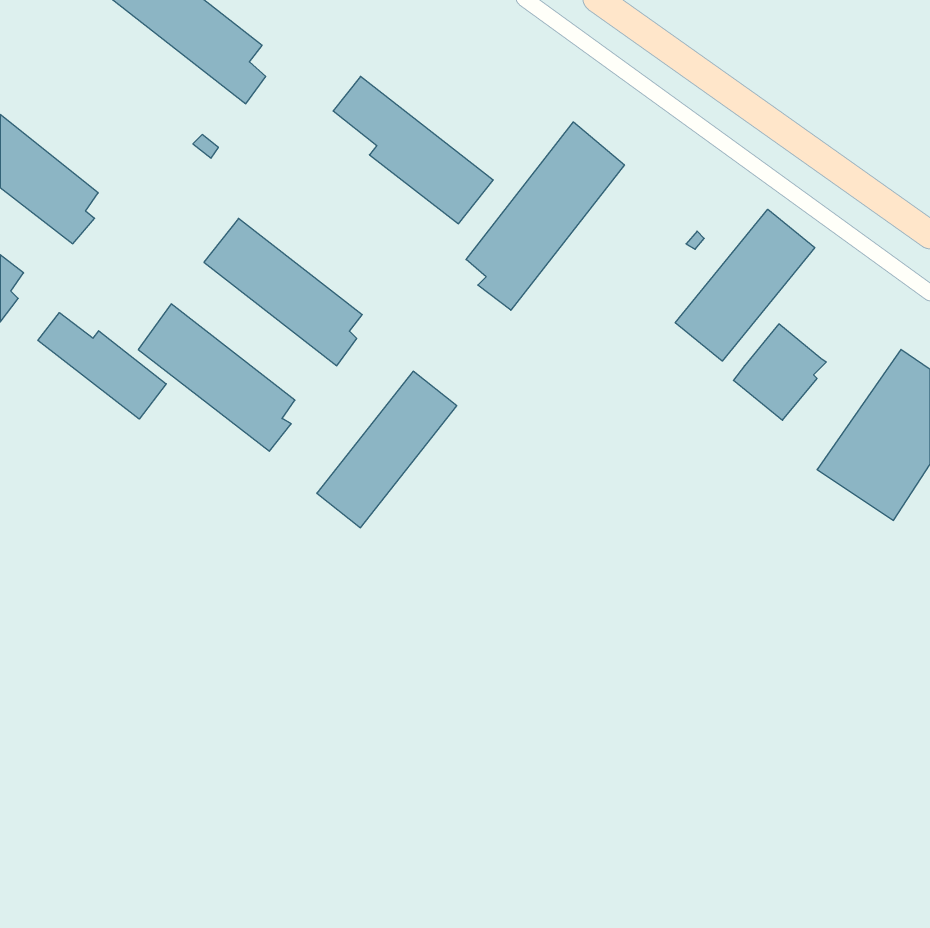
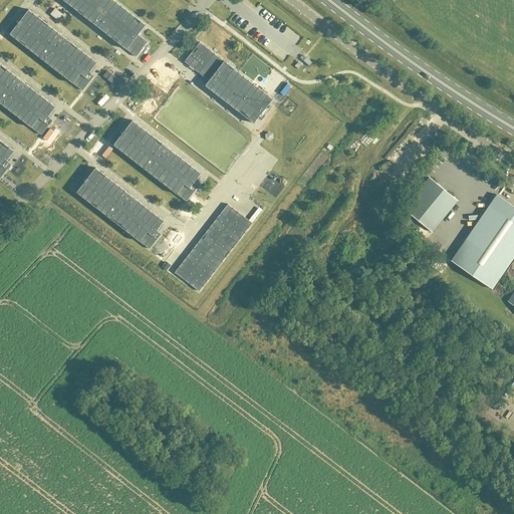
building: none -> [9,9,96,90]
building: [466,122,624,310] -> none
building: [675,209,815,361] -> none
building: [38,313,166,419] -> none

